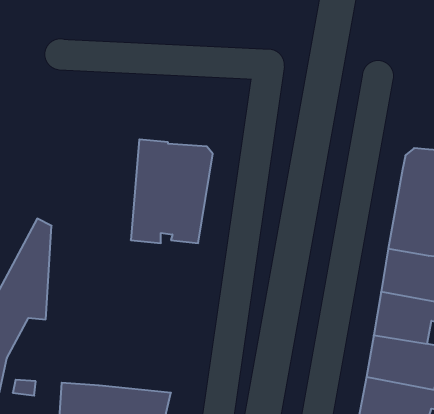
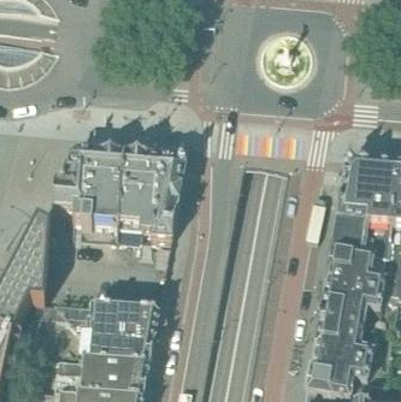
building: none -> [53,144,123,232]
building: none -> [52,296,158,359]

